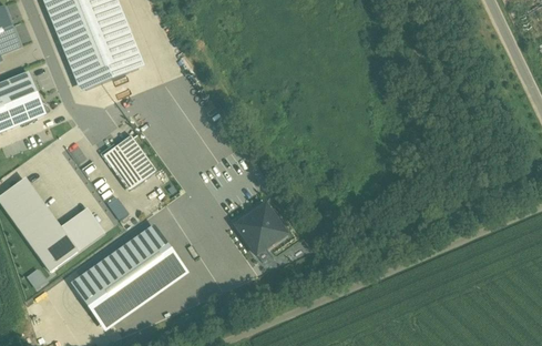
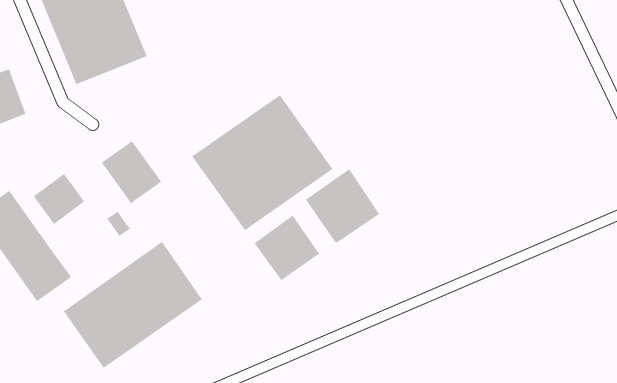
building: none -> [191,94,334,231]
building: none -> [305,168,380,244]
building: [61,207,105,252] -> [33,173,85,225]

